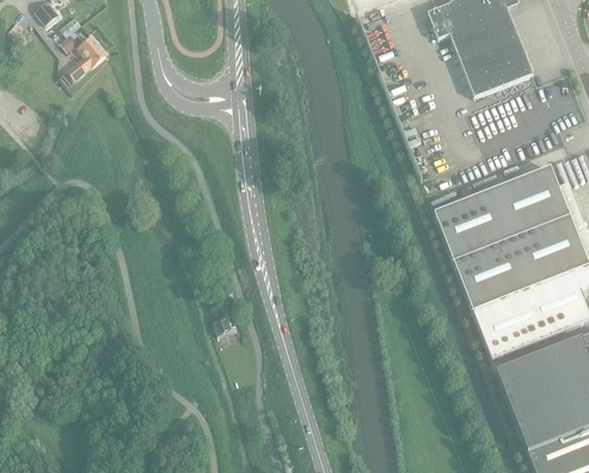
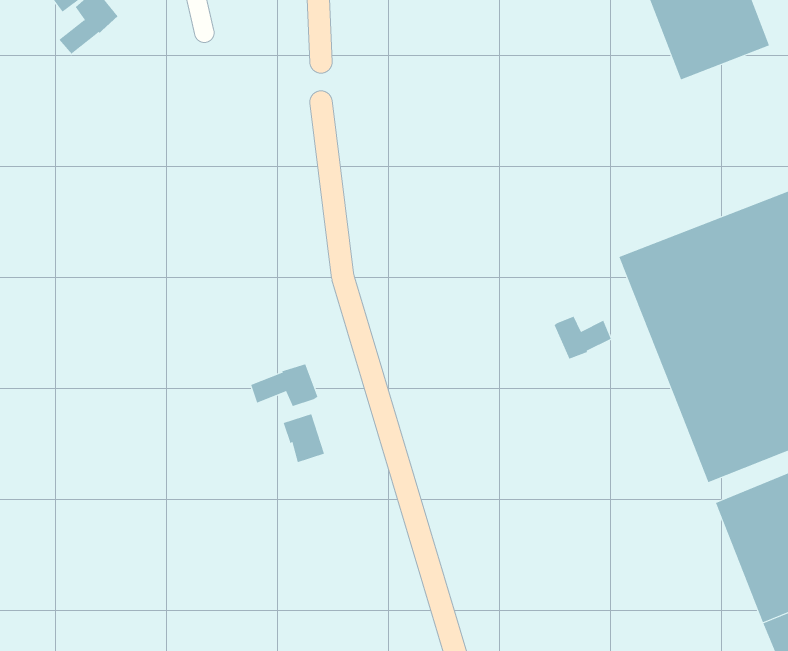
building: none -> [554,316,611,360]
building: none -> [250,364,318,407]

